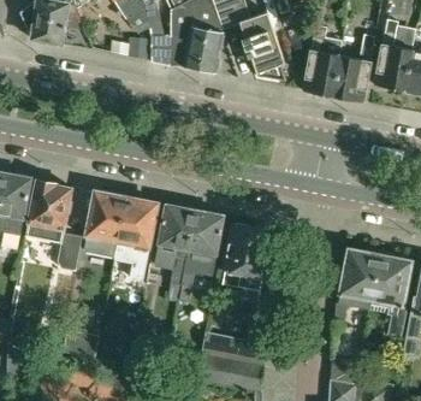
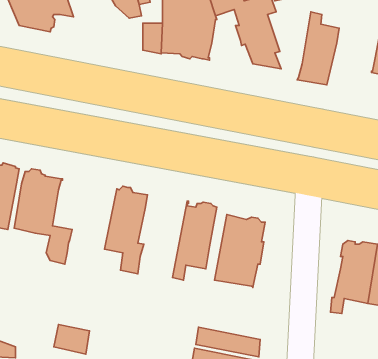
building: [331,35,374,102] -> none
building: [84,191,126,256] -> none
building: [154,204,195,284] -> none

